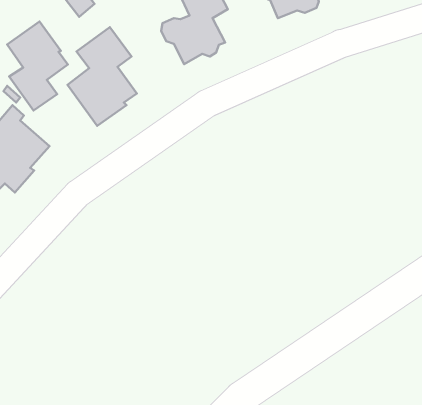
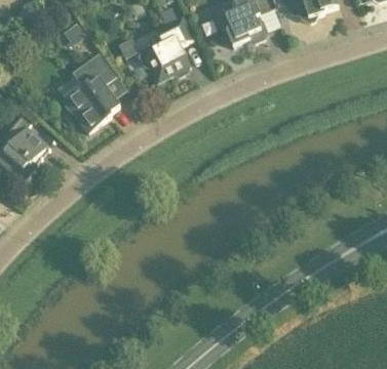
building: [7,21,68,110] -> none

